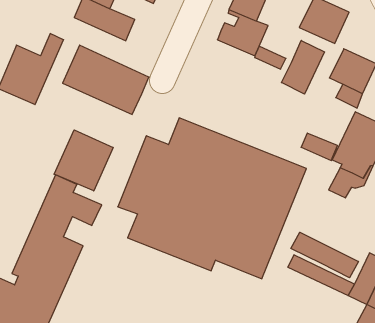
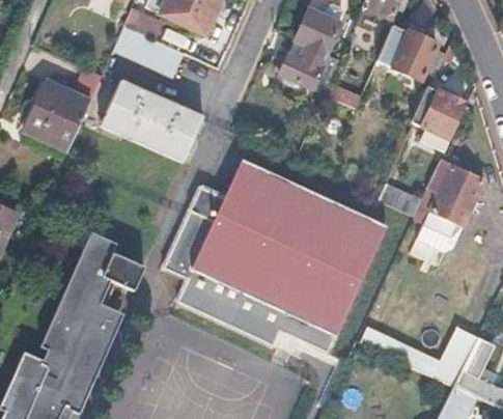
building: [281,40,324,94] -> none
building: [54,130,113,191] -> none
building: [291,232,358,278] -> none

